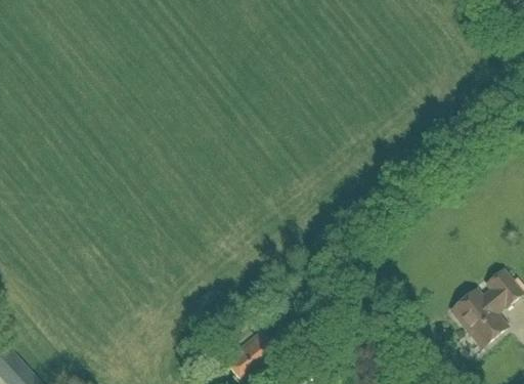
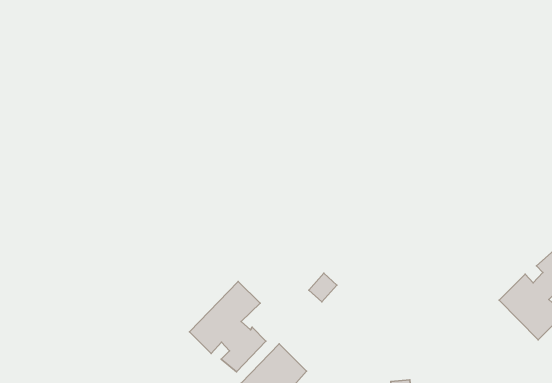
building: none -> [189,282,266,372]

